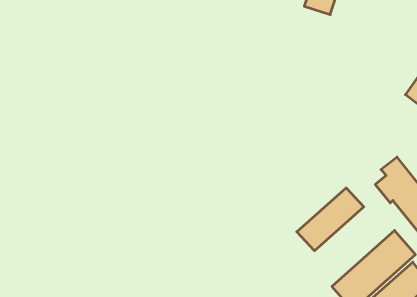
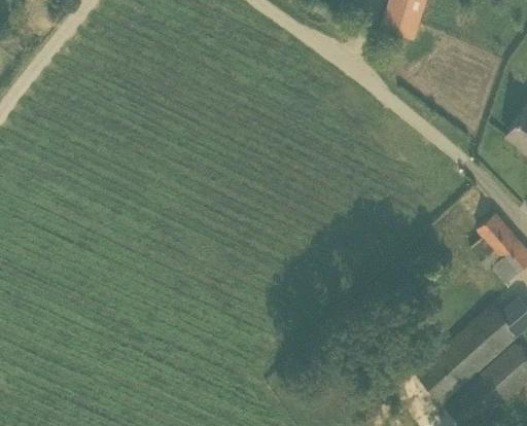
building: [297,188,364,251] -> none

